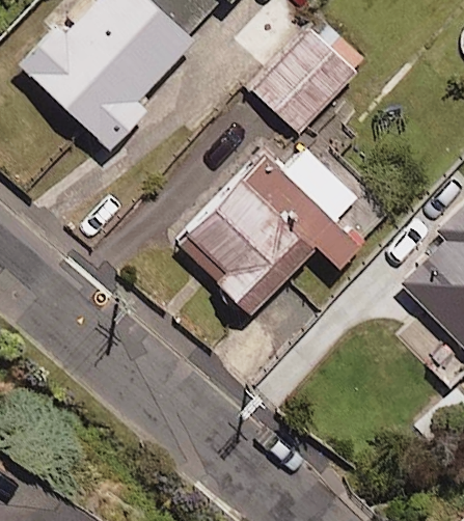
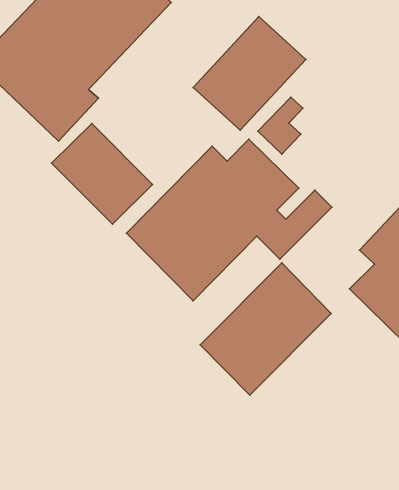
building: none -> [52,124,153,224]
building: none -> [200,263,331,395]

